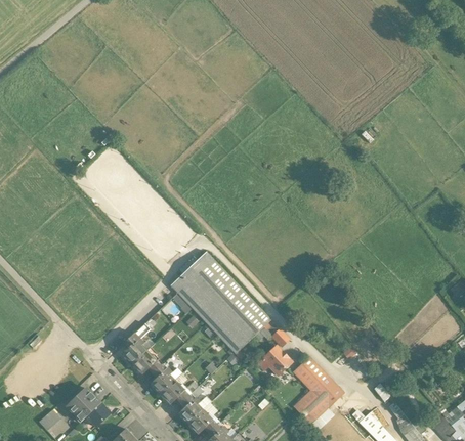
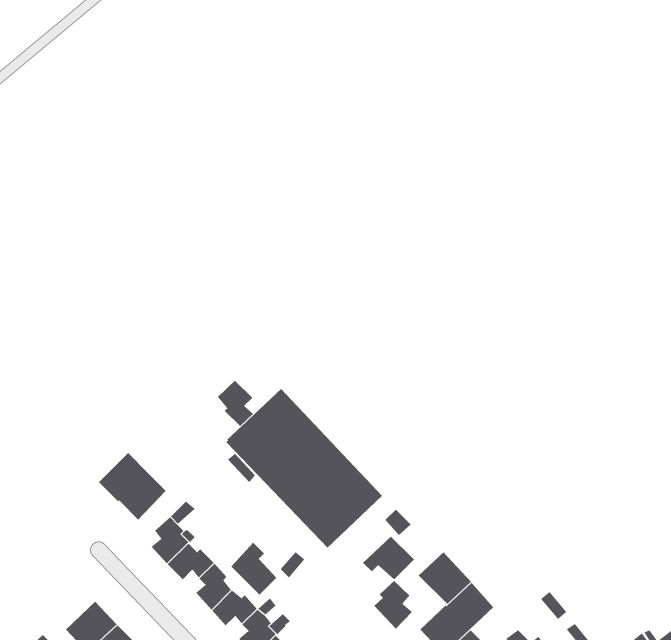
building: none -> [217,380,254,427]
building: none -> [98,452,167,520]
building: none -> [230,542,277,596]
building: none -> [374,580,413,630]

